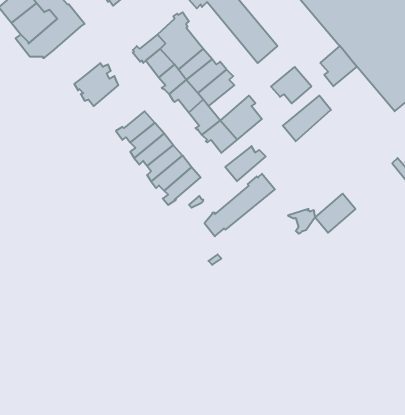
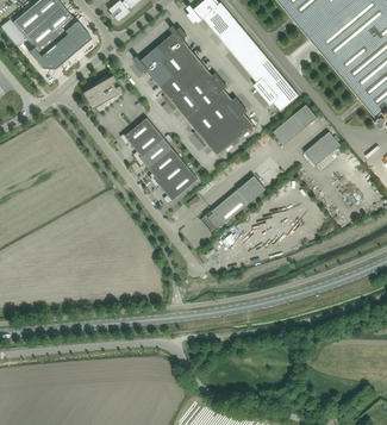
building: [320,46,357,86] -> [250,58,283,95]
building: [225,146,266,181] -> [205,94,242,126]
building: [315,194,355,233] -> [304,131,341,167]

